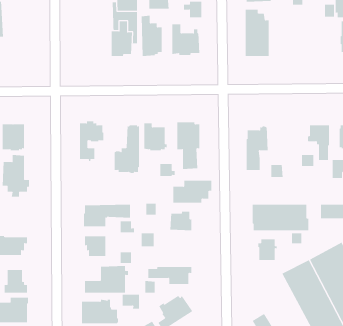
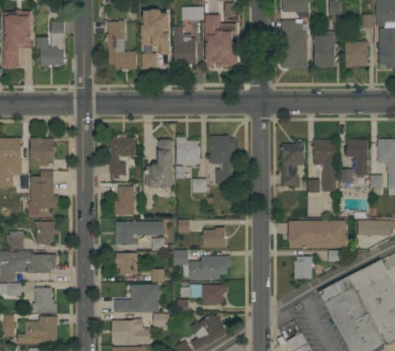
building: none -> [105,20,136,71]
building: none -> [36,21,64,66]
building: none -> [313,31,335,67]
building: none -> [344,41,366,66]
building: none -> [312,139,335,192]
building: none -> [113,186,135,214]
building: [173,180,212,203] -> [189,255,230,279]
building: none -> [36,221,56,244]

